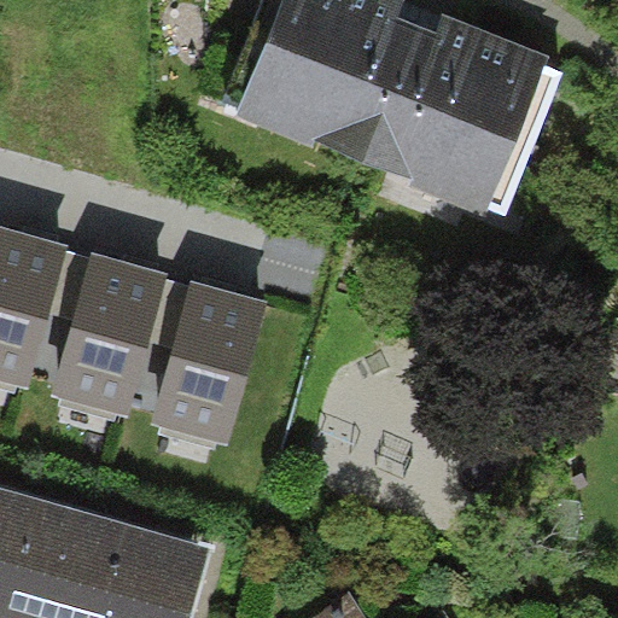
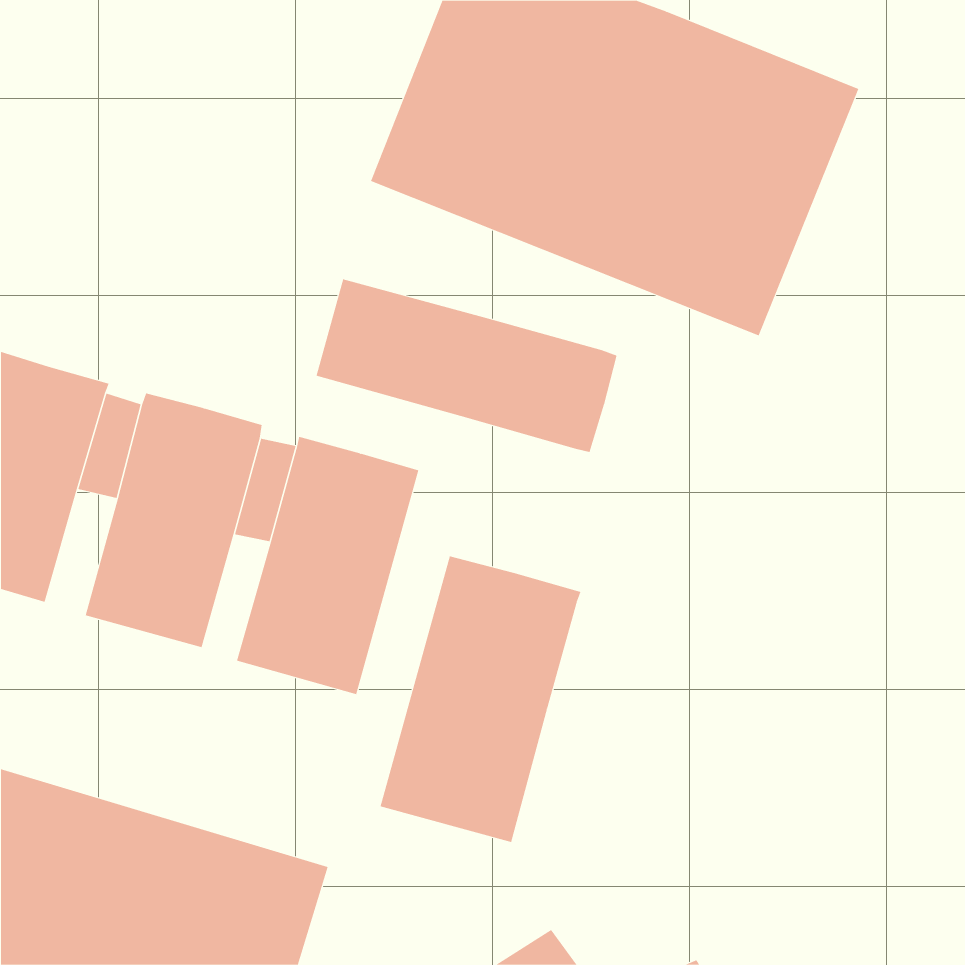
building: none -> [316,278,617,453]
building: none -> [380,555,581,843]

